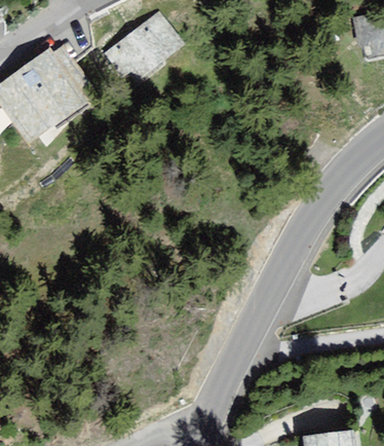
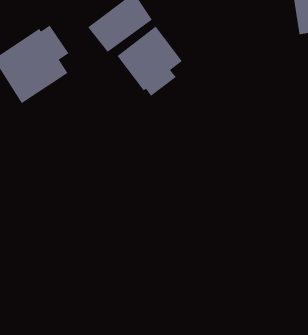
building: none -> [117,26,183,97]

